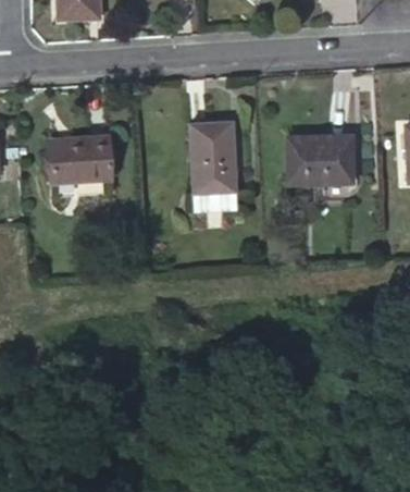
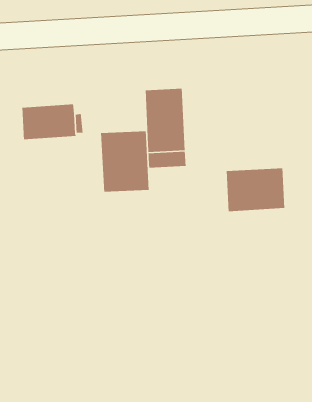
building: [289,134,356,184] -> [226,168,285,212]
building: none -> [100,130,150,193]

